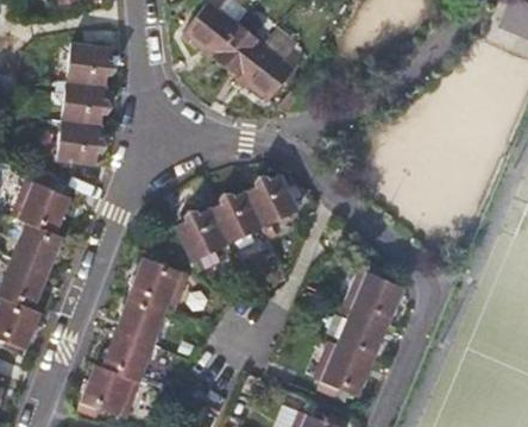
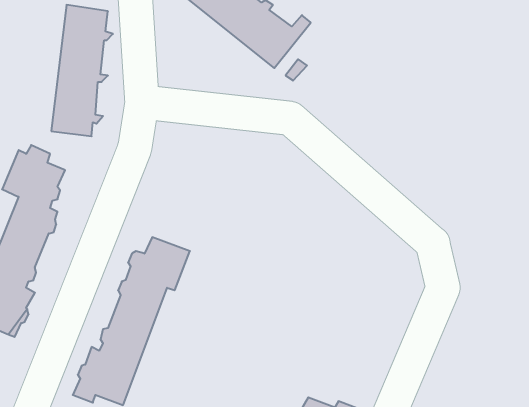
building: [174,175,297,262] -> none
building: [313,264,404,396] -> none

